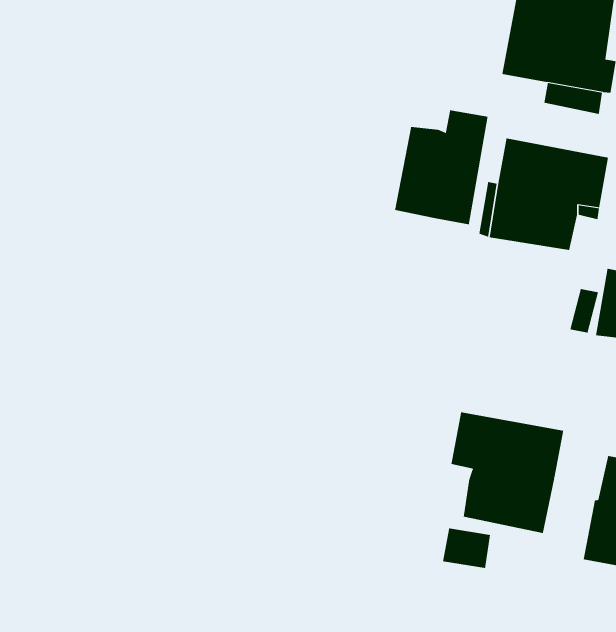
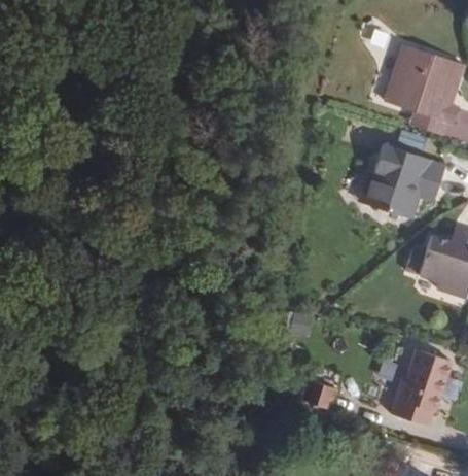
building: [395,109,488,225] -> none
building: [451,412,564,534] -> none

